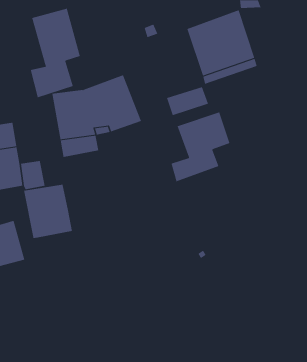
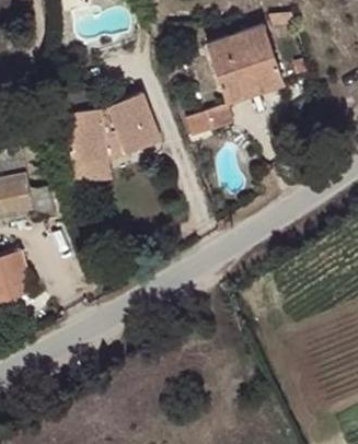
building: [30,8,80,98] -> none
building: [171,112,230,182] -> none
building: [23,184,72,239] -> none

